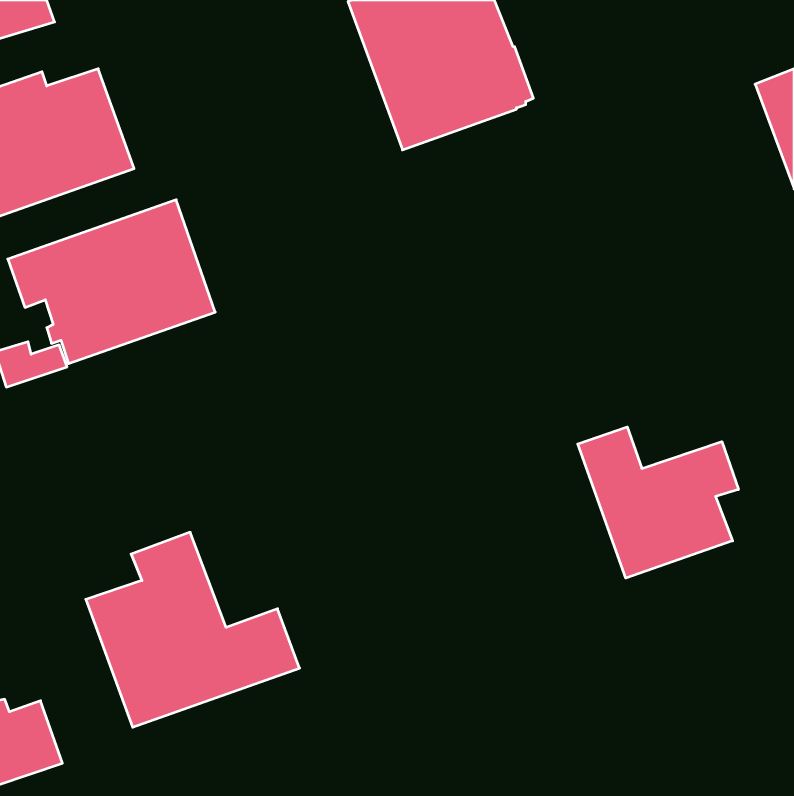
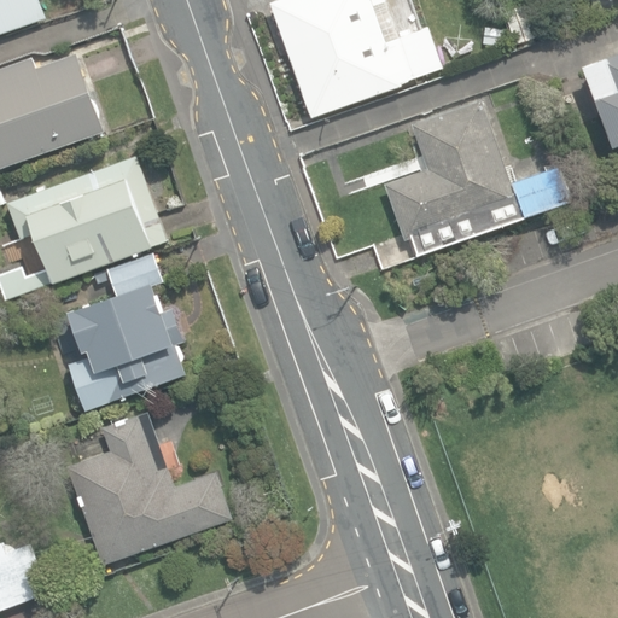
building: none -> [372,103,571,268]
building: none -> [70,252,185,410]
building: [578,427,738,578] -> none

